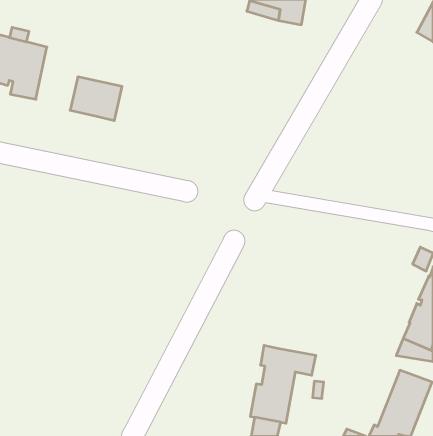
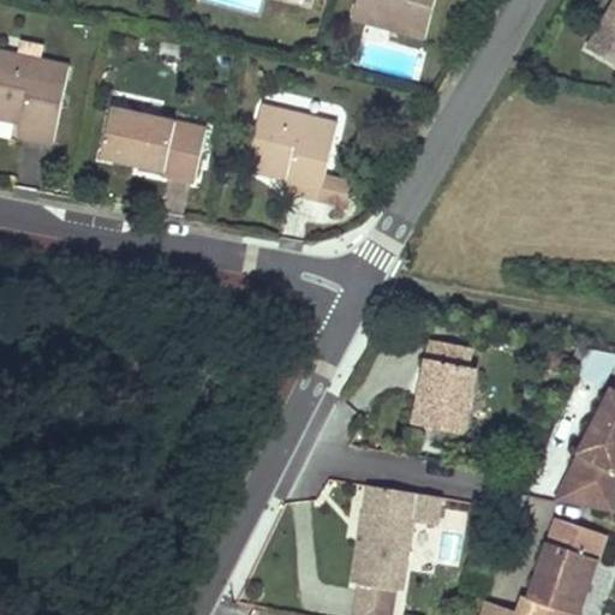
building: none -> [243,105,351,205]
building: none -> [160,121,203,180]
building: none -> [422,341,478,435]

